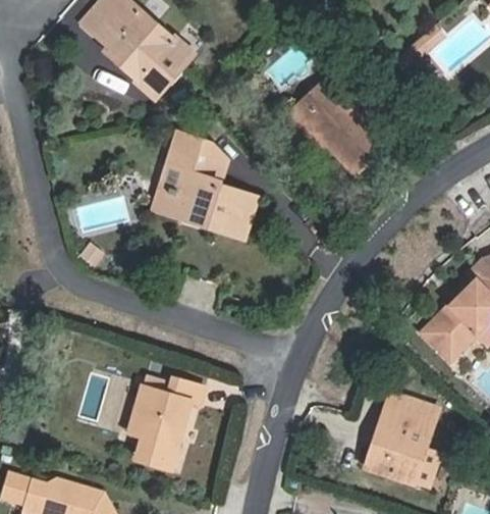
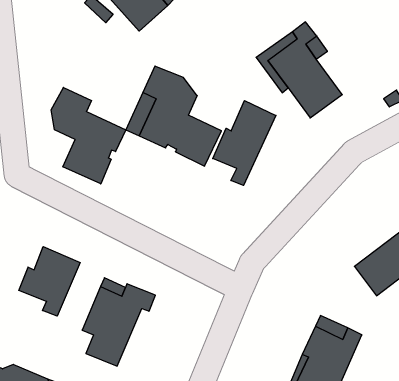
building: none -> [213,101,276,185]
building: none -> [51,87,126,184]
building: none -> [19,247,80,316]

